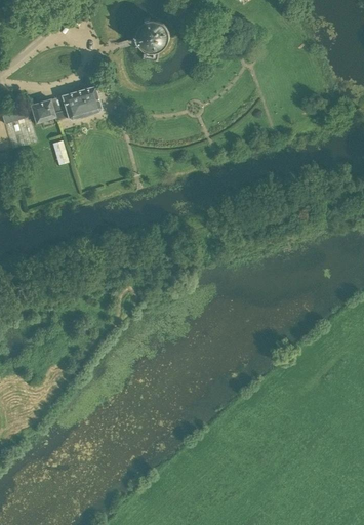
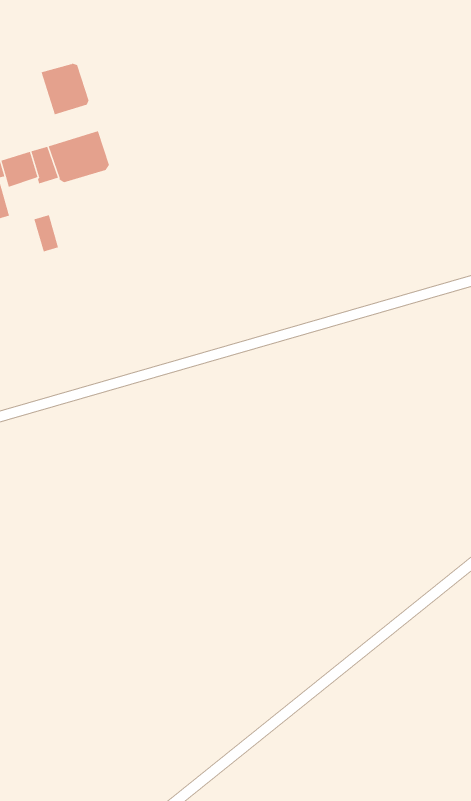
building: [137,19,169,59] -> none
building: none -> [41,63,89,115]

